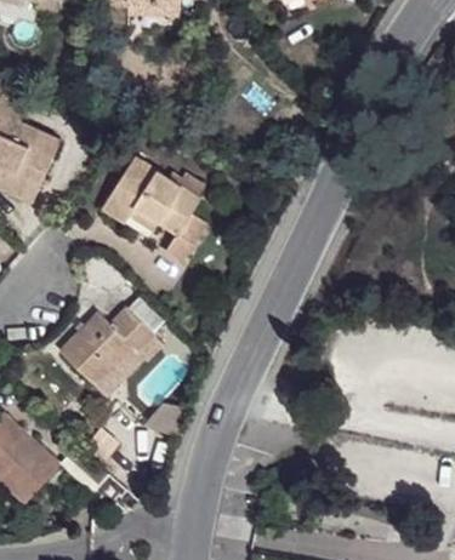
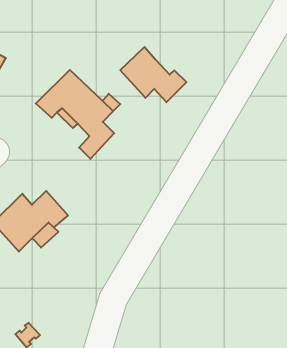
building: none -> [120,47,186,102]

